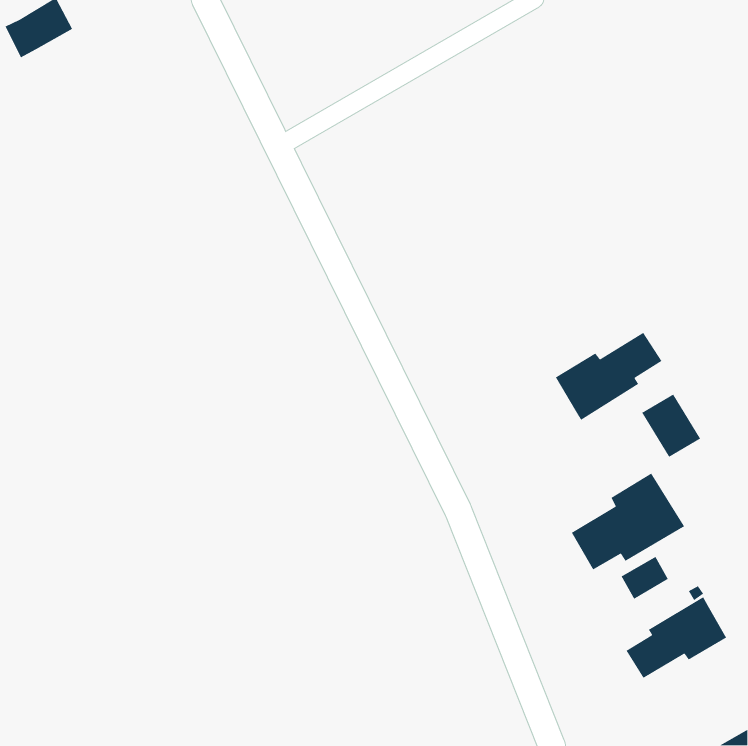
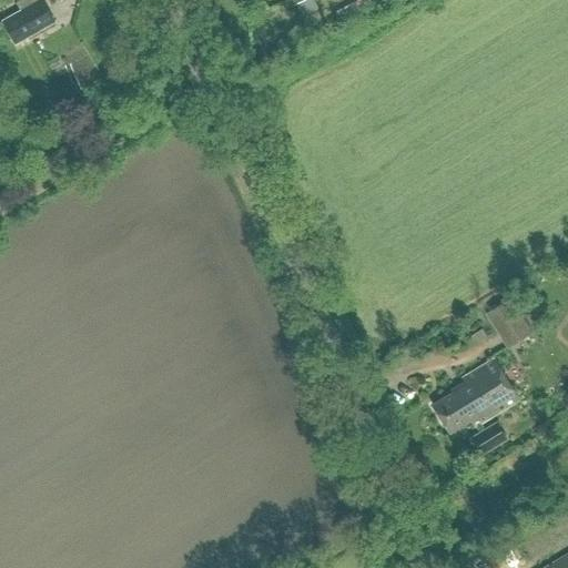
building: [555,332,662,421] -> none
building: [626,596,727,679] -> none

